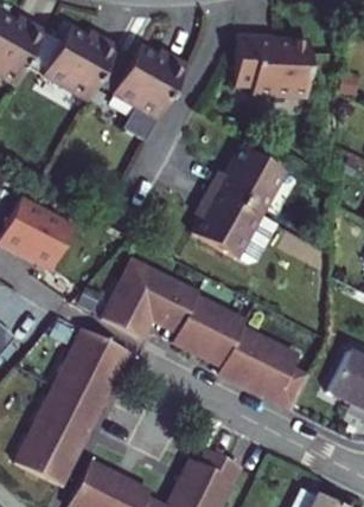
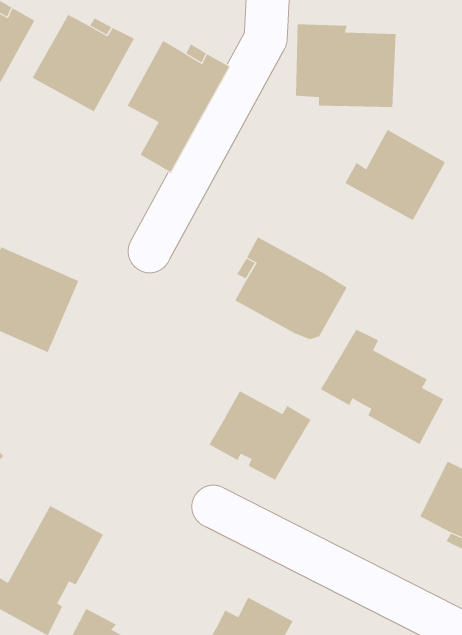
building: [209,148,282,214] -> [345,129,446,221]
building: [104,257,203,332] -> none
building: [58,320,129,403] -> none
building: [218,326,308,410] -> [320,329,444,445]

